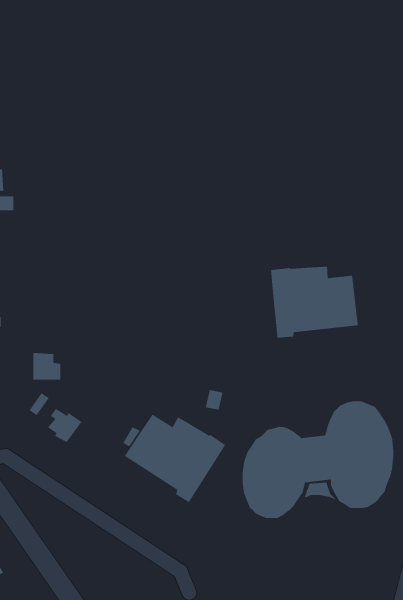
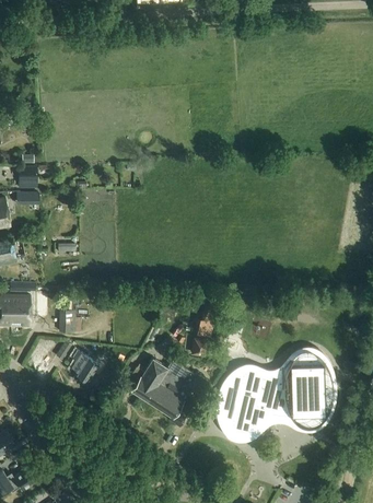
building: [270,266,359,338] -> none

